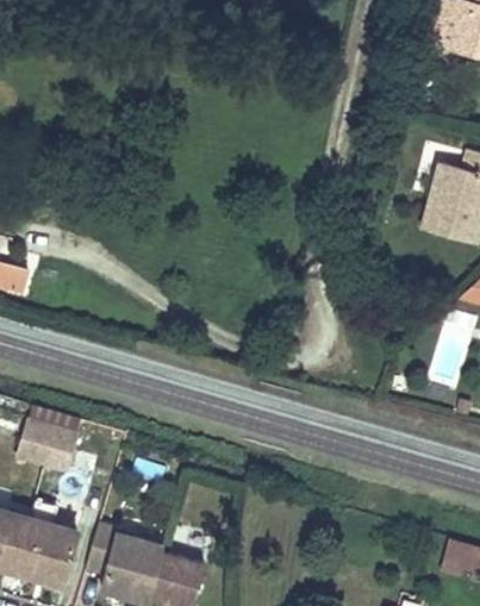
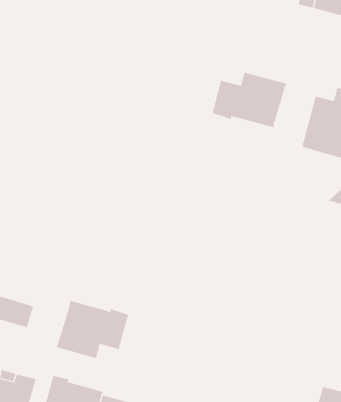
building: none -> [212,72,287,128]
building: none -> [56,300,129,359]

